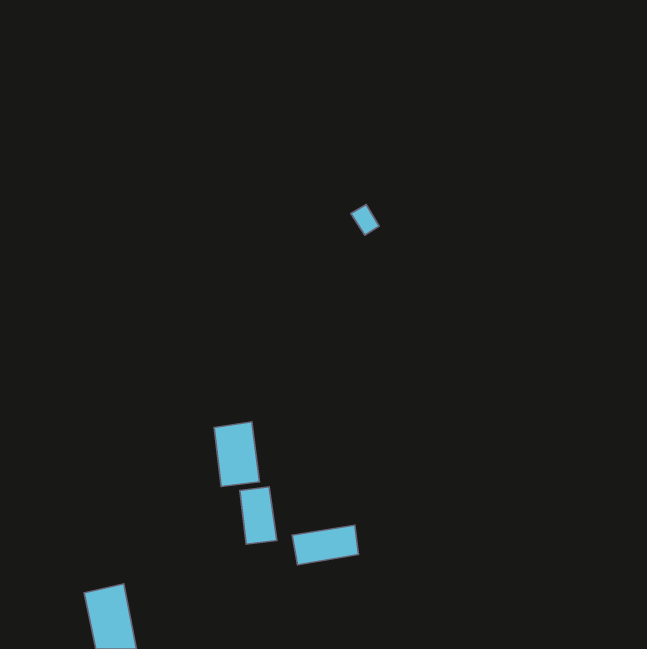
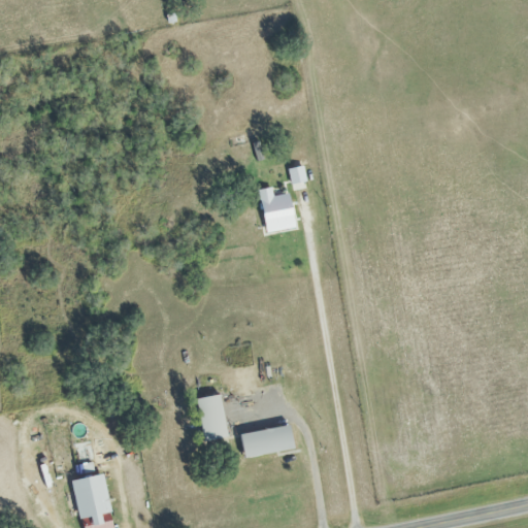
building: none -> [259,187,296,234]
building: [214,422,259,486] -> none

